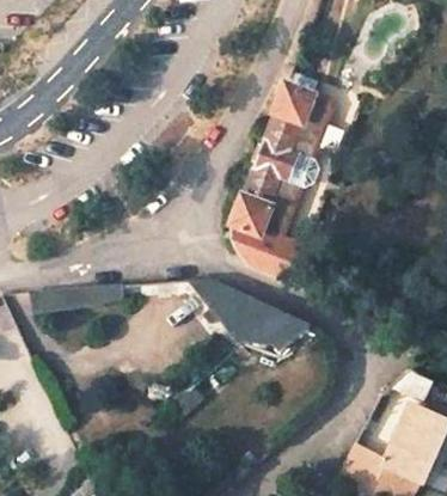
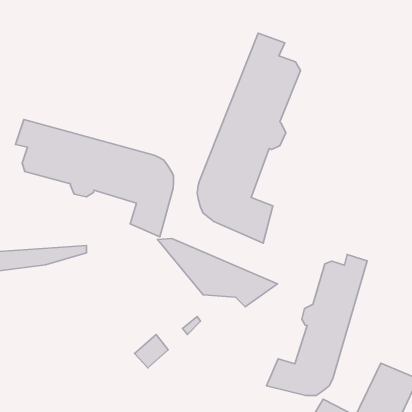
building: none -> [15,120,174,237]
building: none -> [266,254,367,396]

